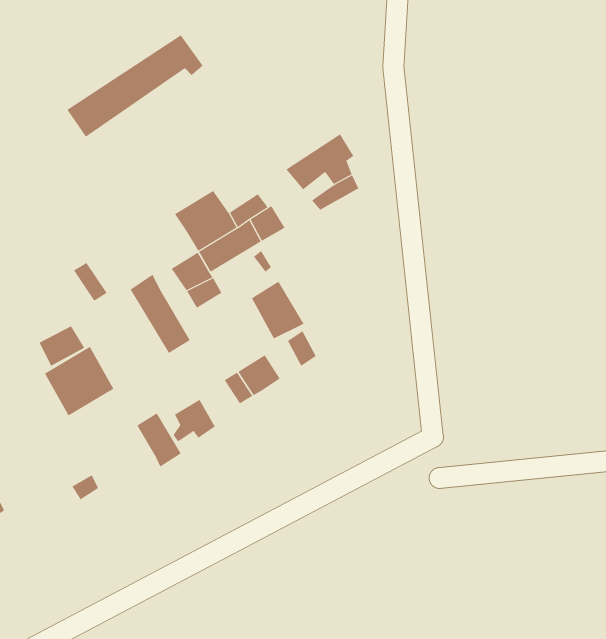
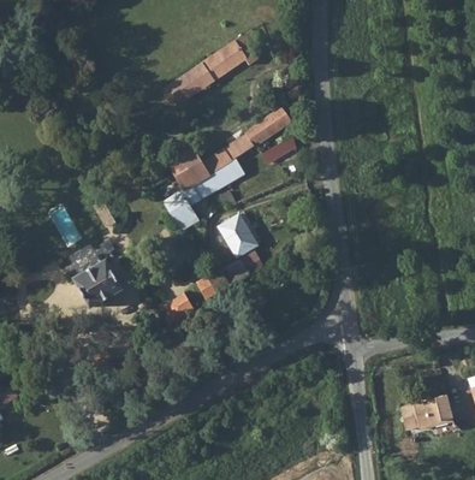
building: [67,35,204,137] -> [161,35,257,107]
building: [130,274,191,354] -> none
building: [137,413,181,467] -> none
building: none -> [394,399,449,437]

